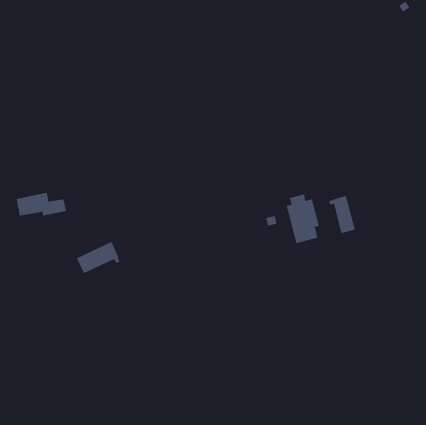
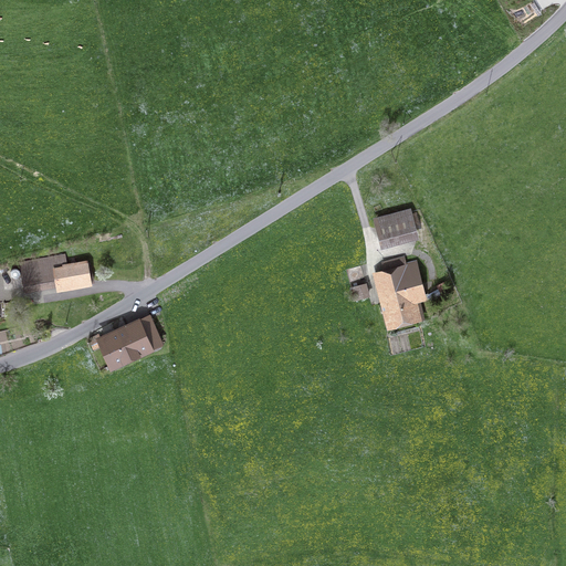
building: none -> [377,217,410,242]
building: [329,195,355,234] -> none

